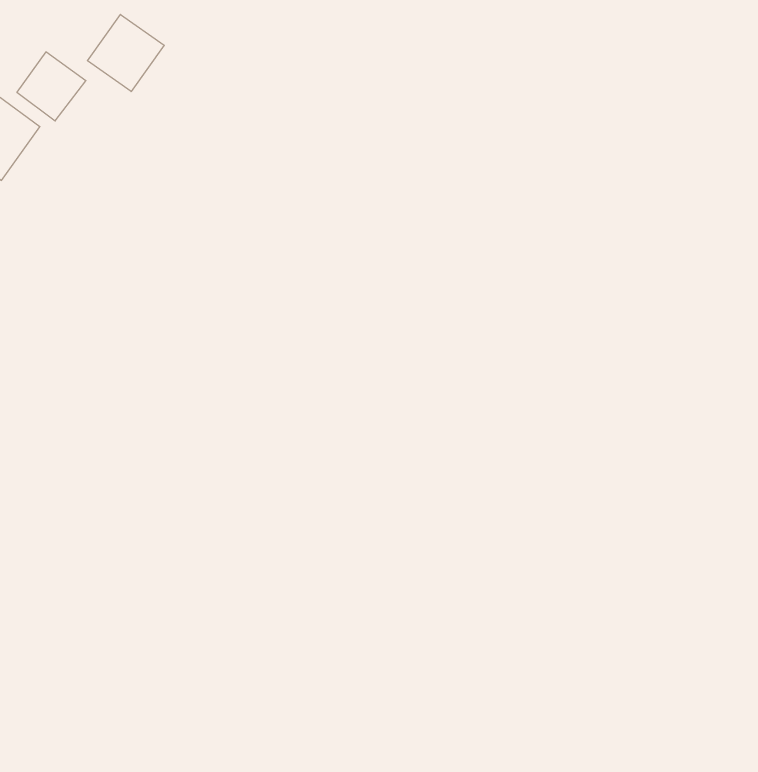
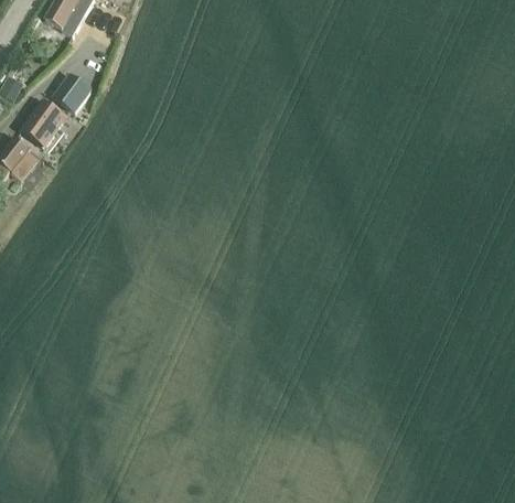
building: [87,14,164,92] -> none

